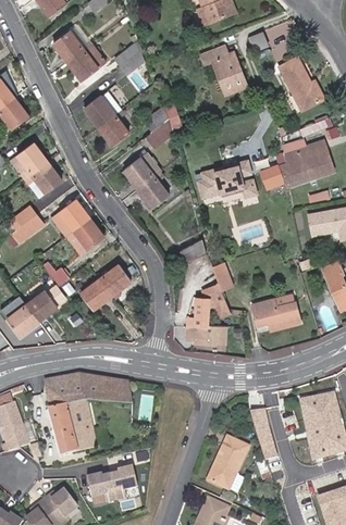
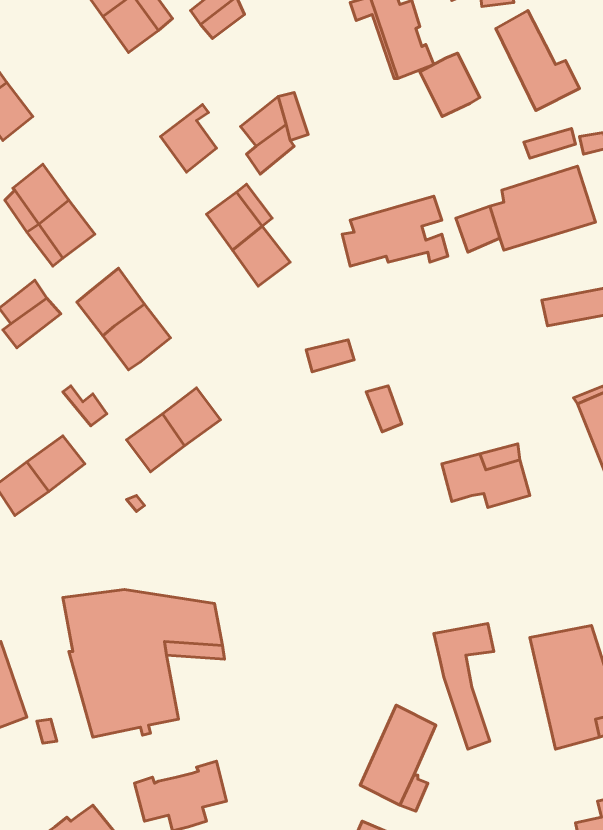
building: none -> [420,53,480,116]
building: [84,89,121,126] -> none
building: [185,290,230,345] -> none

